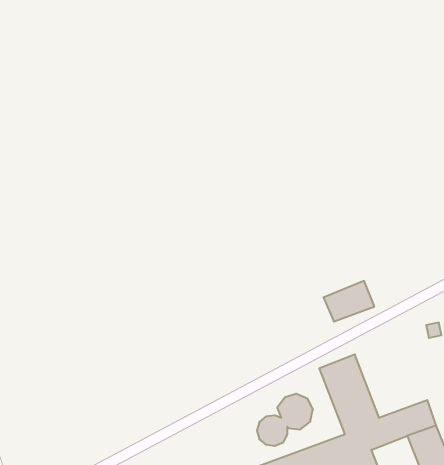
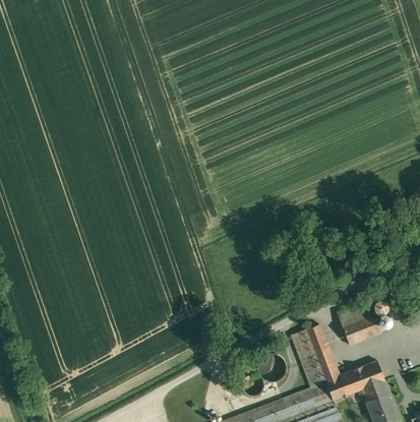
building: [323,281,374,322] -> [341,312,381,345]

